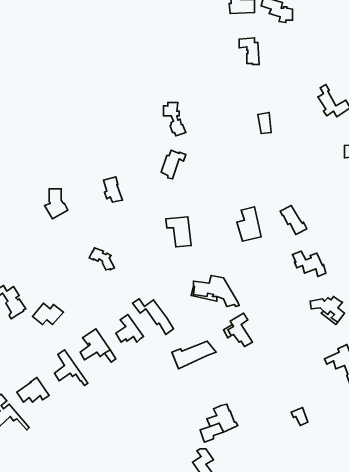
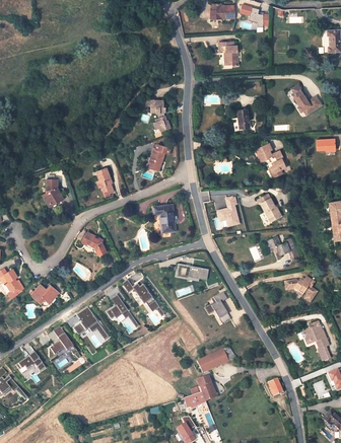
building: none -> [255,144,284,176]
building: [172,341,216,369] -> [196,348,236,373]

